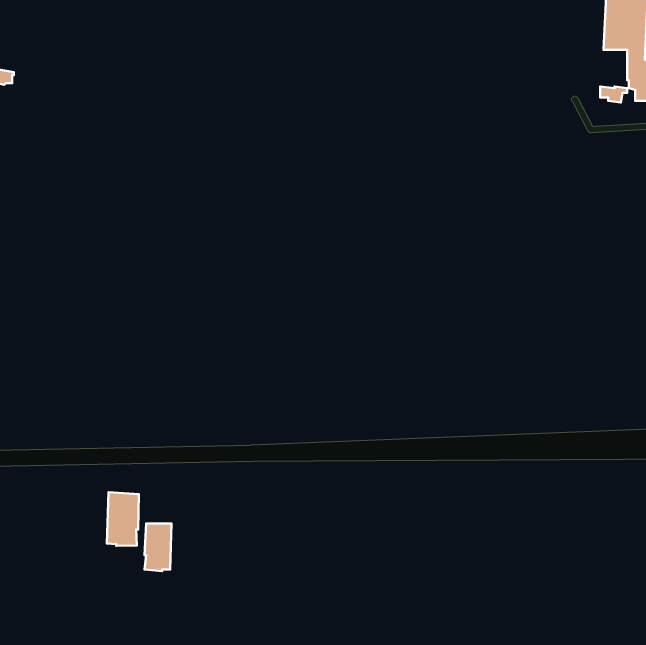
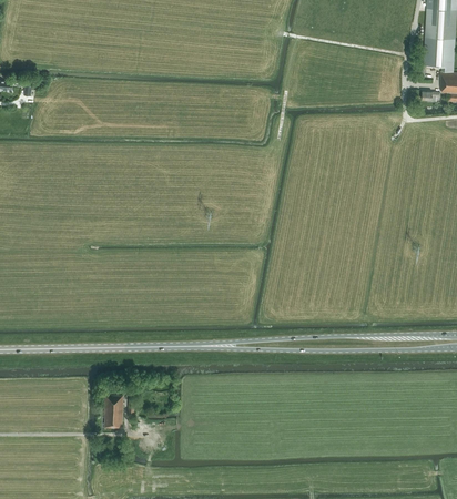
building: [107,492,139,546] -> none

